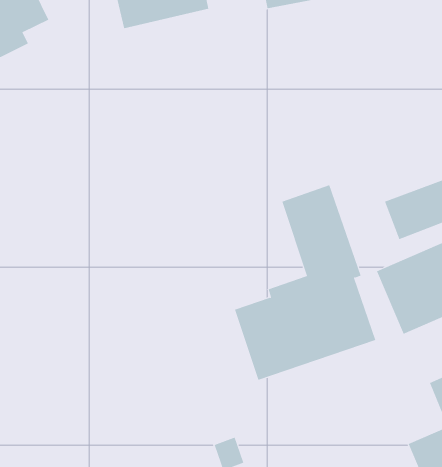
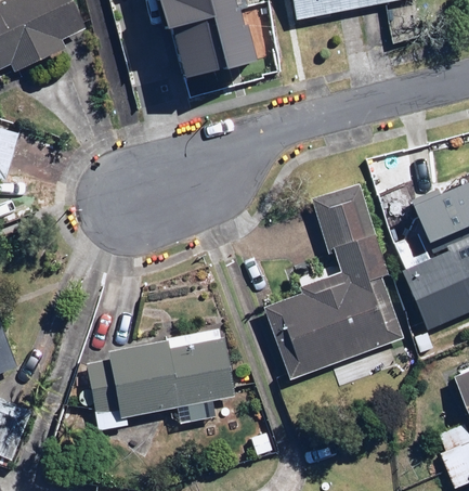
building: none -> [160,17,253,82]
building: none -> [88,326,236,432]

